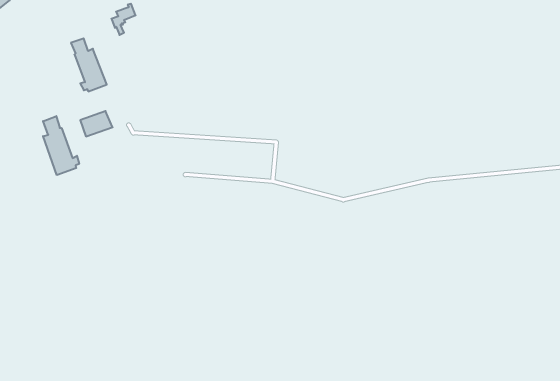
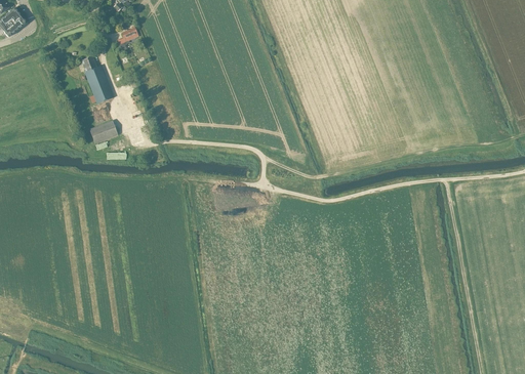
building: [43,116,79,175] -> none

